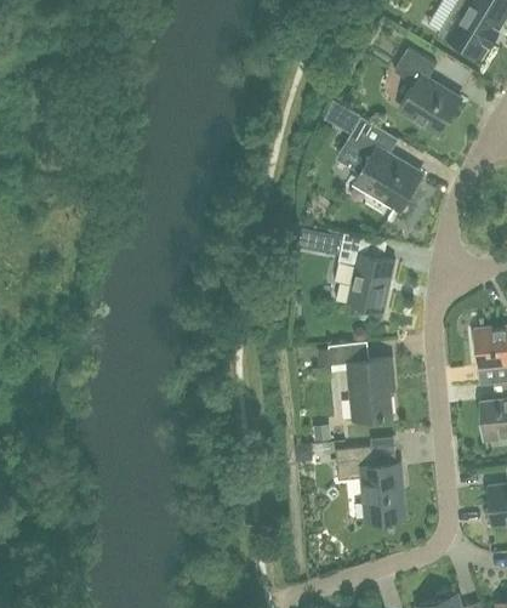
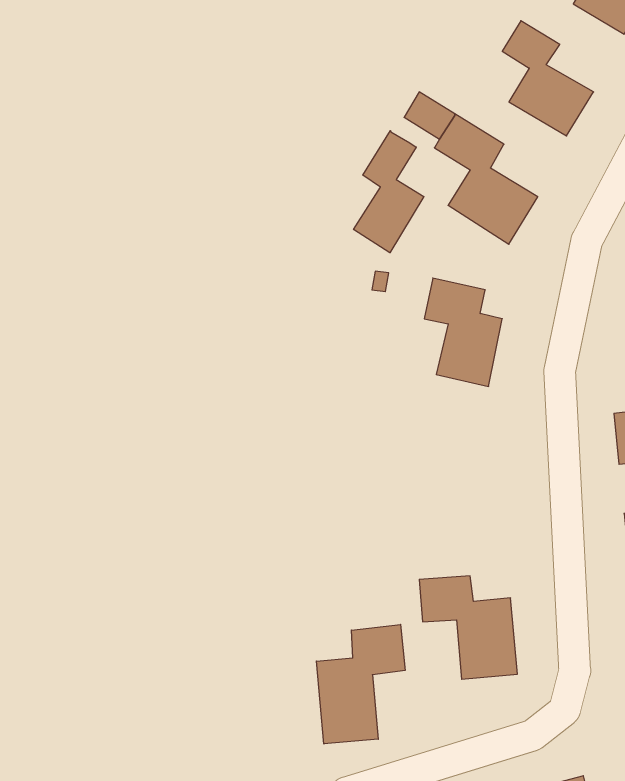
building: none -> [354,131,424,253]
building: [329,343,392,421] -> none
building: none -> [316,624,405,744]

